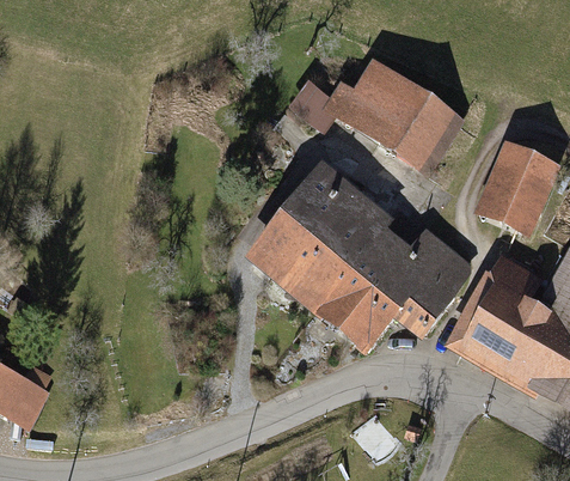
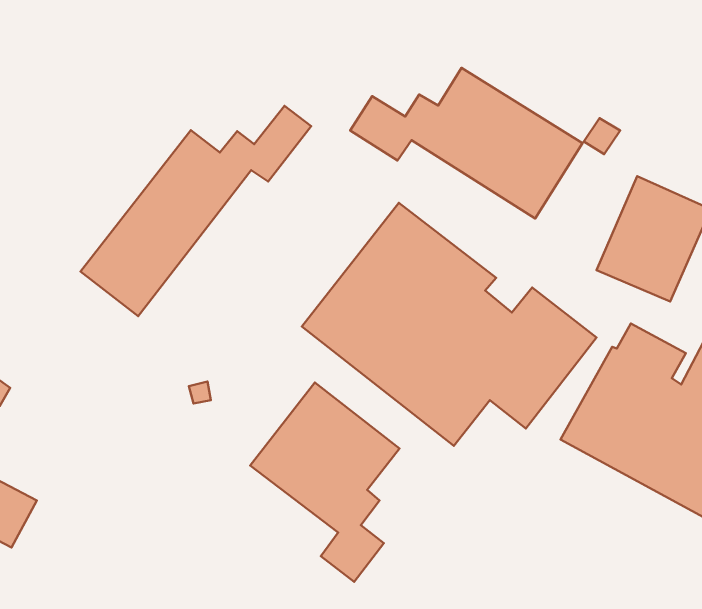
building: none -> [80,106,311,316]
building: none -> [250,382,400,582]

